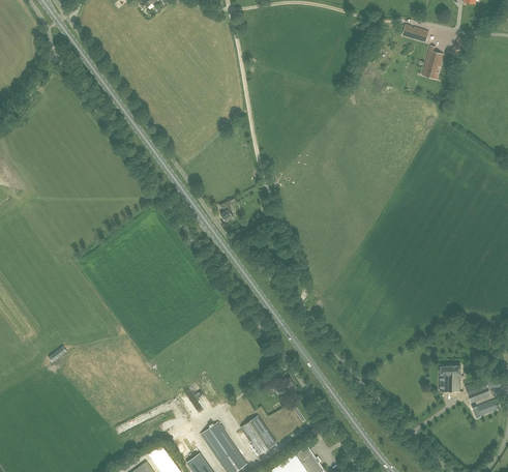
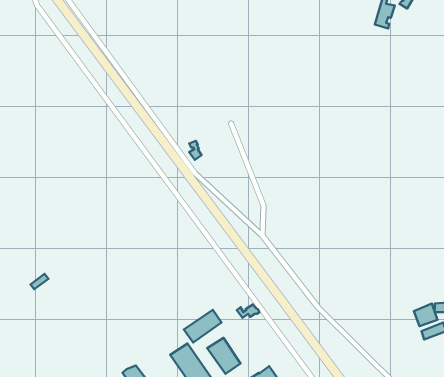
building: [440,366,460,391] -> none
building: none -> [184,310,221,342]

